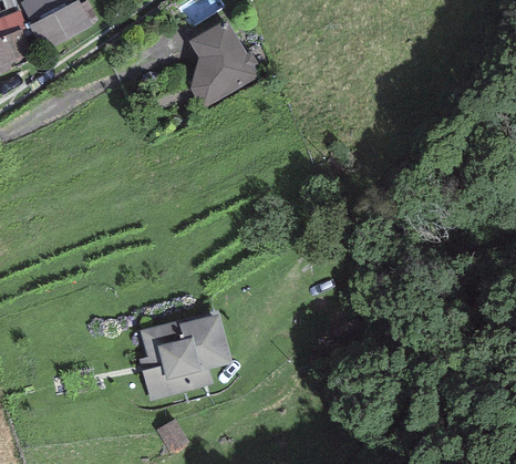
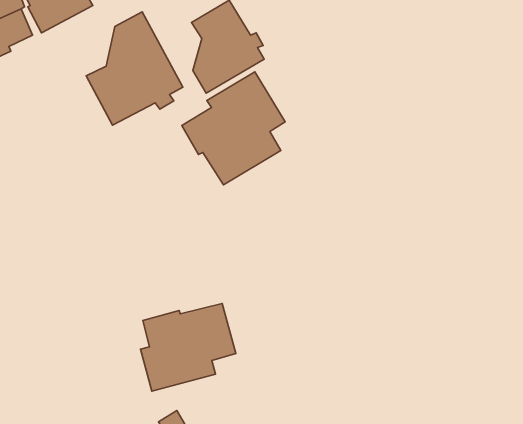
building: none -> [86,12,183,125]
building: none -> [182,72,285,185]

